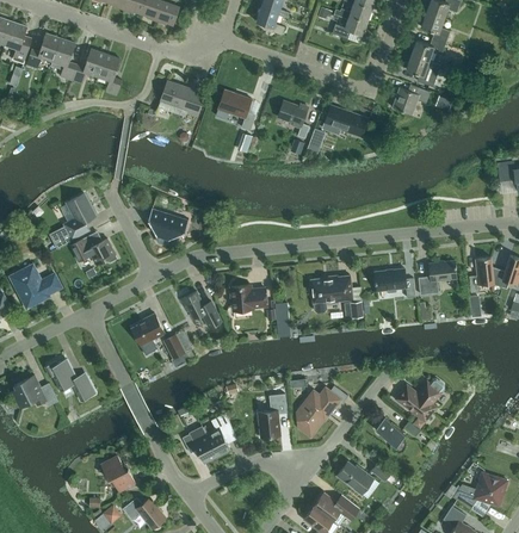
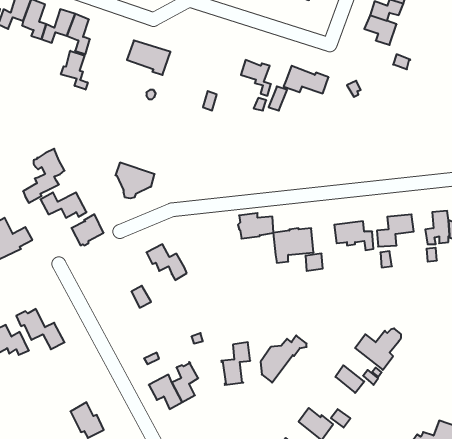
building: [391,86,428,113] -> none
building: [216,88,254,129] -> none
building: none -> [61,51,88,90]
building: [229,284,266,310] -> [238,213,274,239]
building: [130,312,163,345] -> [71,214,104,245]

